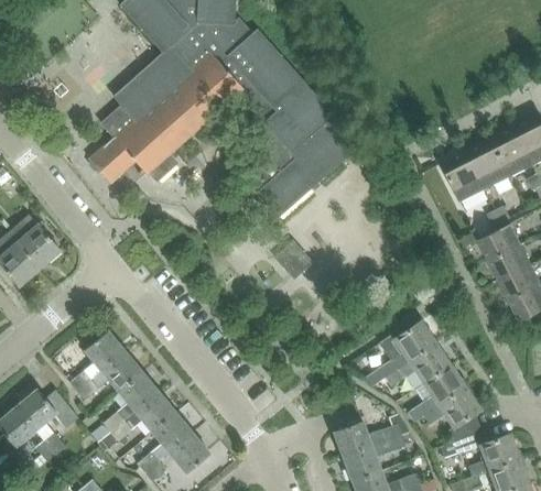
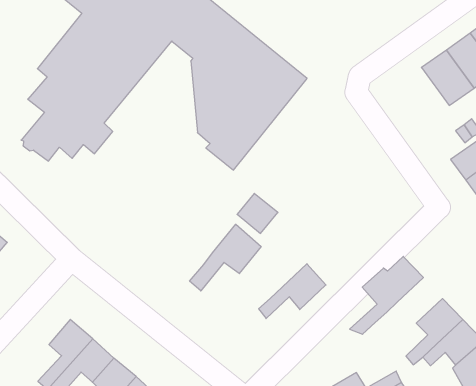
building: [440,152,485,204] -> none
building: none -> [190,224,261,291]
building: [386,343,451,388] -> [259,264,326,319]

